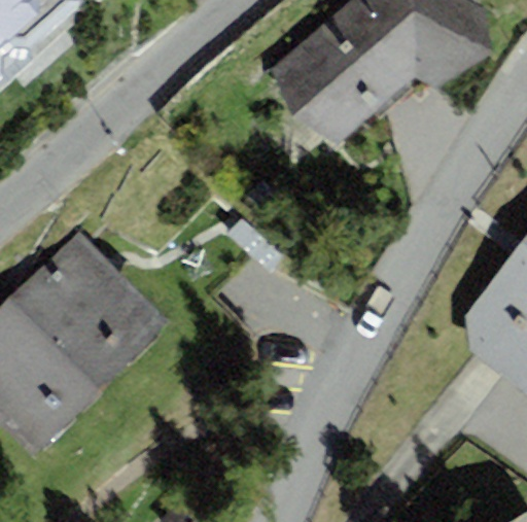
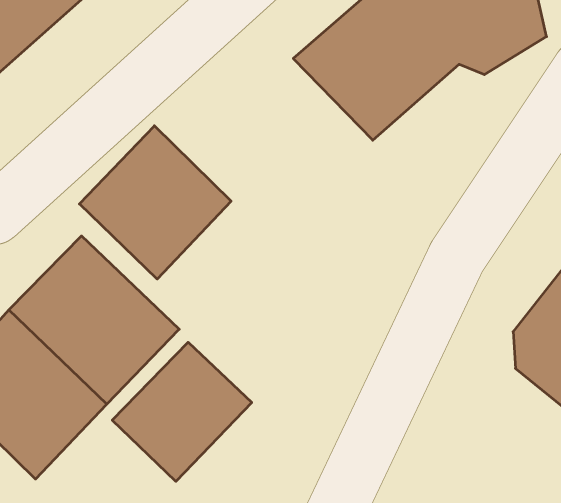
building: none -> [79,126,231,279]
building: none -> [112,342,252,481]

